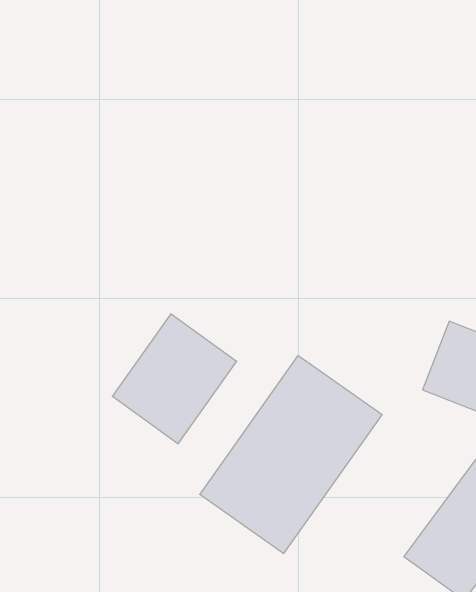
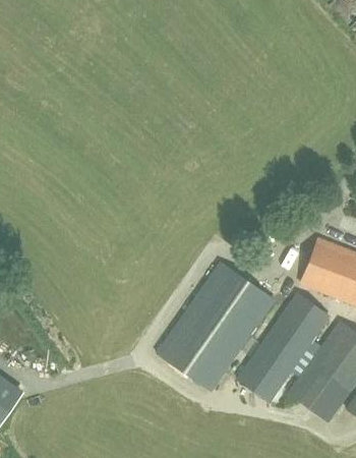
building: [112,314,237,444] -> none
building: none -> [238,293,330,402]

